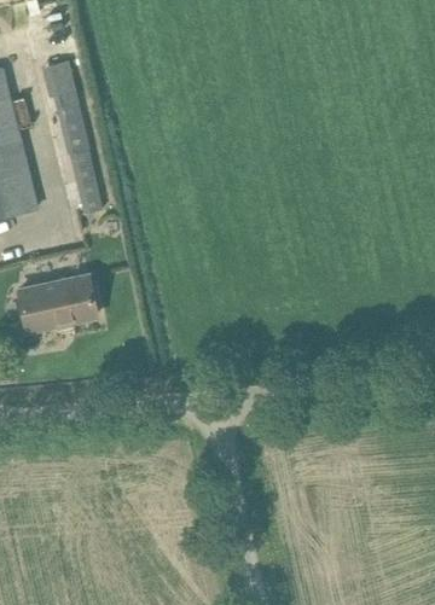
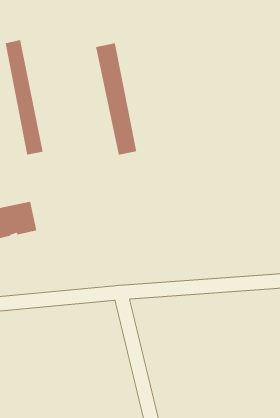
building: none -> [96,43,137,155]

